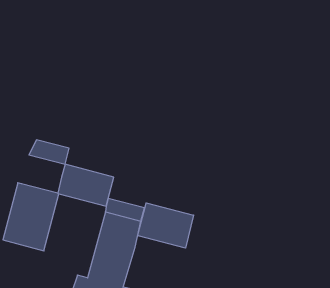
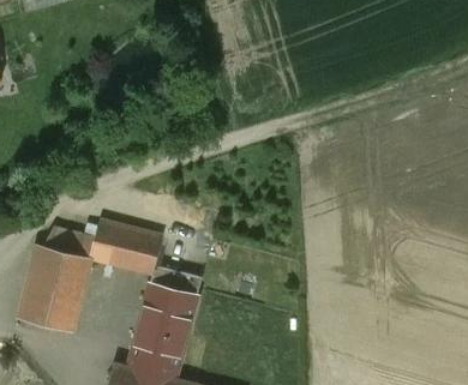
building: [29,140,69,164] -> [43,228,95,259]
building: [138,203,194,248] -> none

